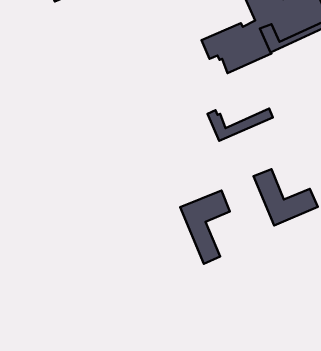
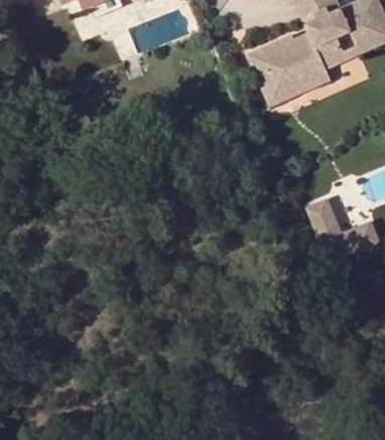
building: [208,108,273,141] -> [257,68,331,105]
building: [180,191,230,264] -> none

